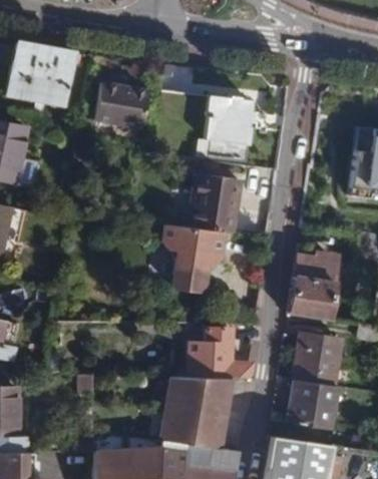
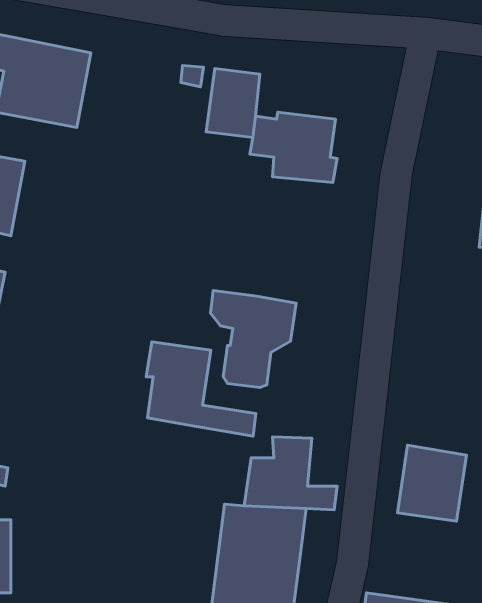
building: [97,83,148,128] -> none
building: [194,172,272,240] -> [146,342,256,436]
building: [290,255,340,318] -> none
building: [289,381,340,430] -> none

